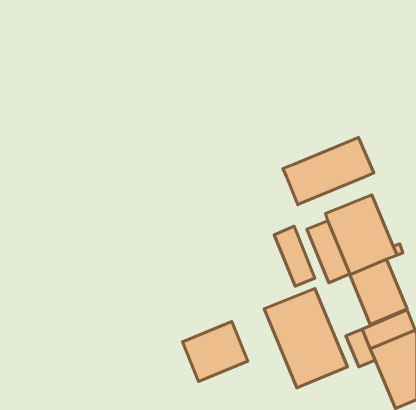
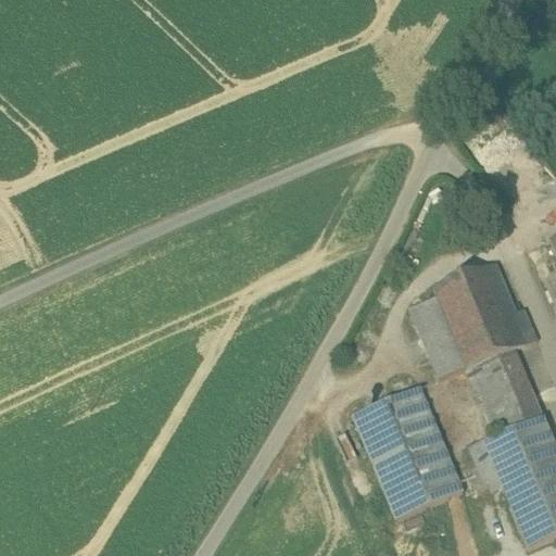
building: [283,137,374,205] -> none
building: [274,226,315,286] -> none
building: [182,321,248,382] -> none

